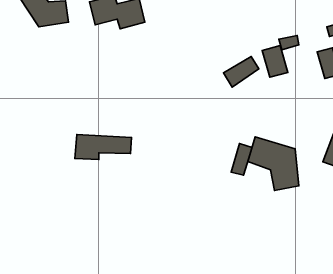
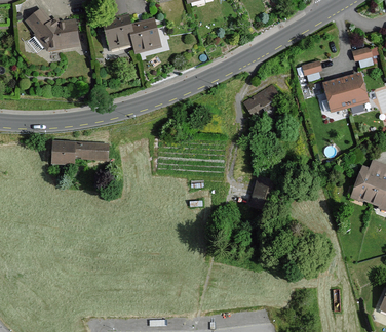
building: [262,46,288,77] -> [323,78,351,112]
building: [75,135,131,159] -> [50,140,111,167]
building: [248,137,299,190] -> none

